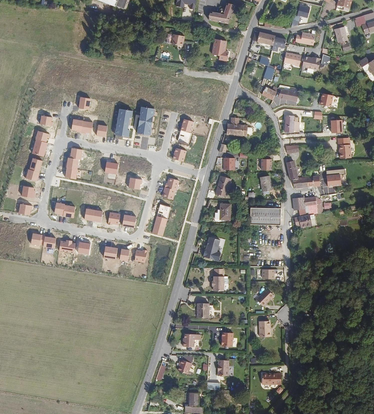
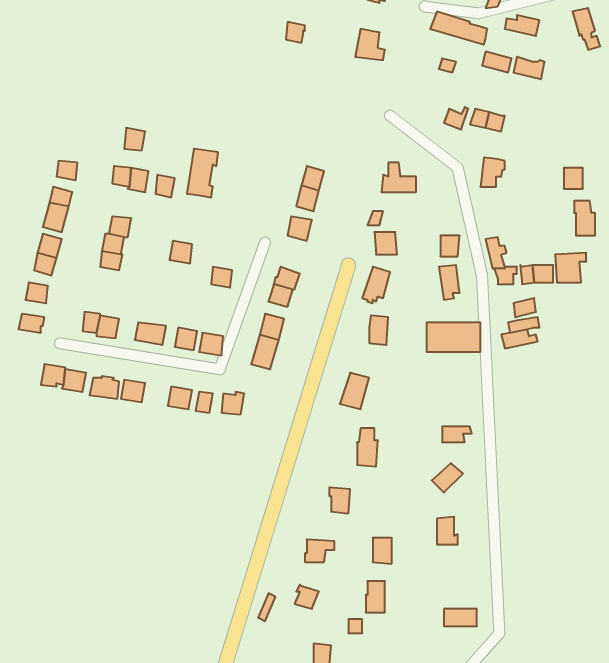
building: [136,106,154,135] -> none

